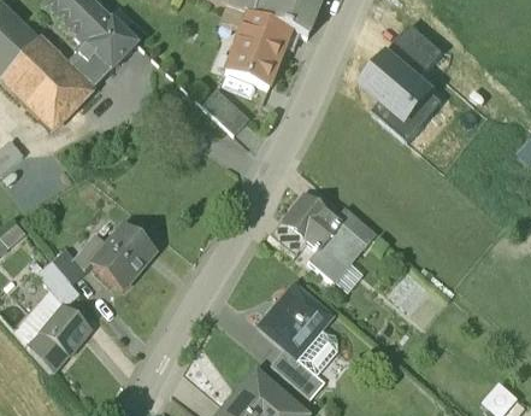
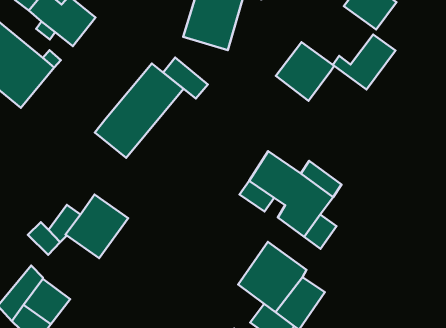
building: [362,48,423,109] -> [276,42,334,101]
building: none -> [95,63,183,158]
building: [37,258,81,304] -> none

